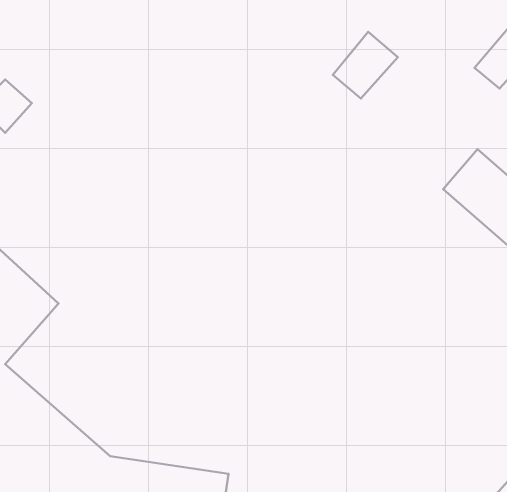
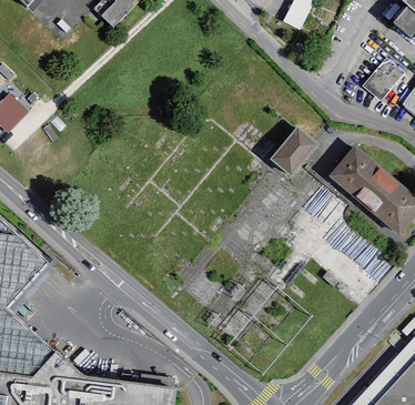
building: [333,32,398,99] -> [273,126,322,176]

